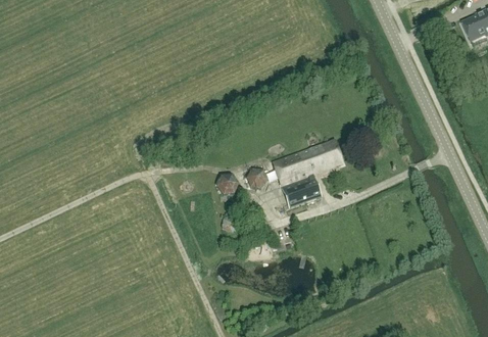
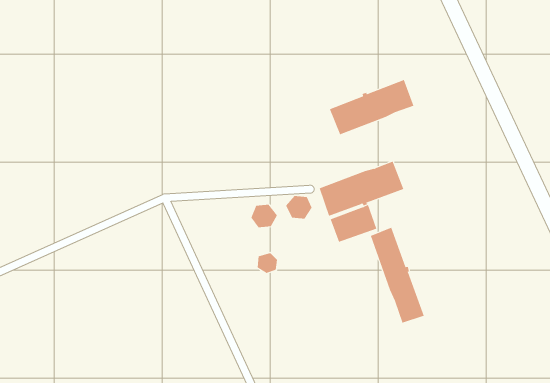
building: none -> [329,79,414,135]
building: none -> [370,227,424,324]

